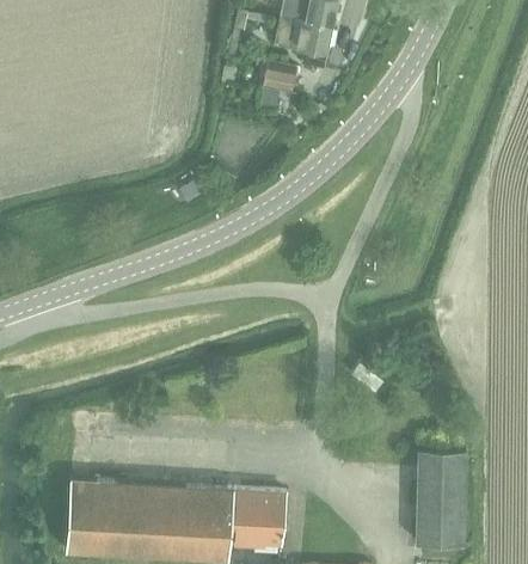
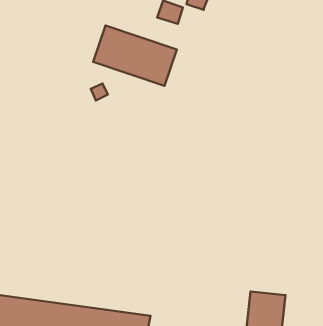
building: none -> [93,25,177,86]

